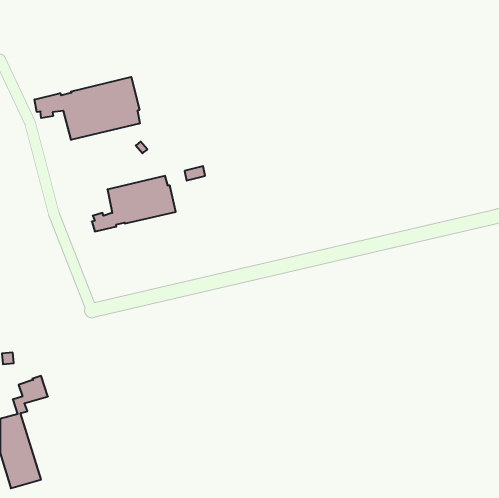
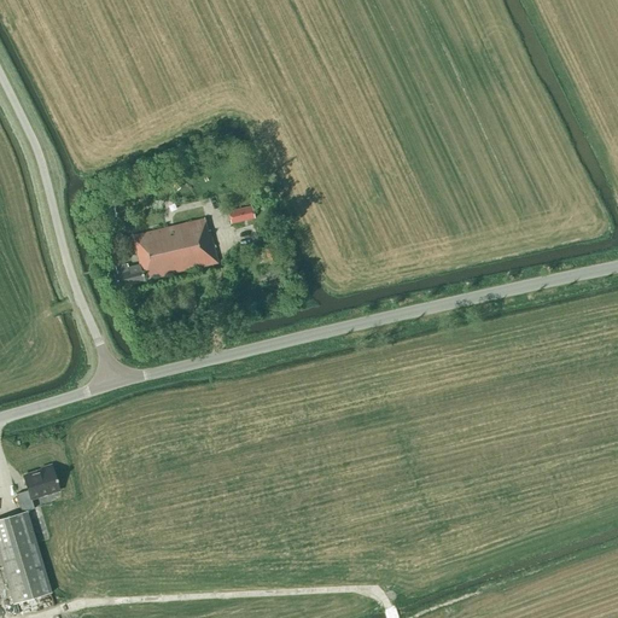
building: [35,77,140,140] -> none

